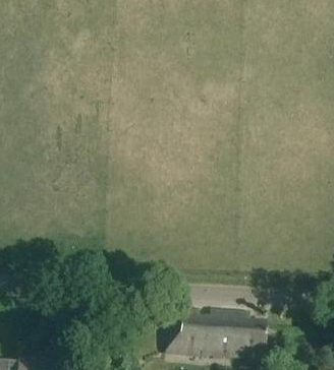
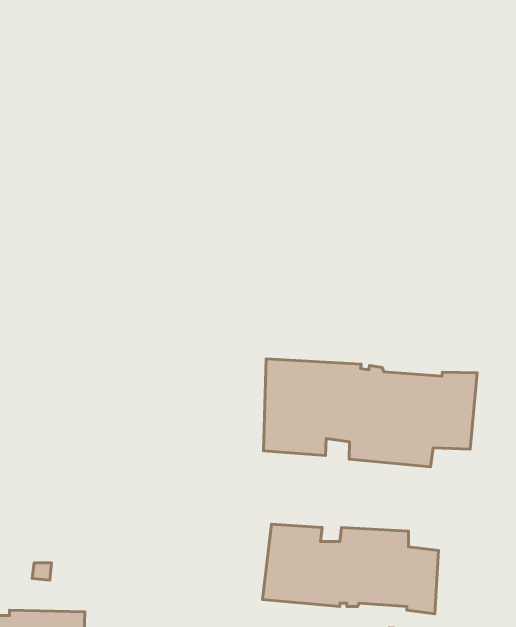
building: none -> [263,359,477,467]

